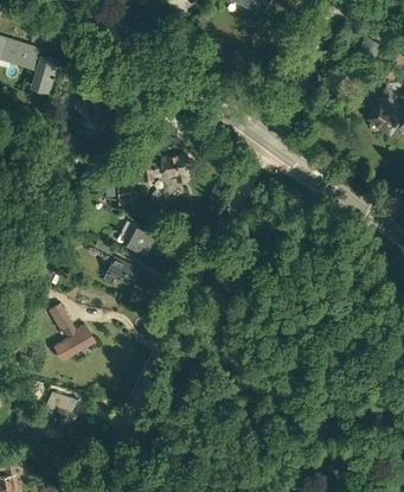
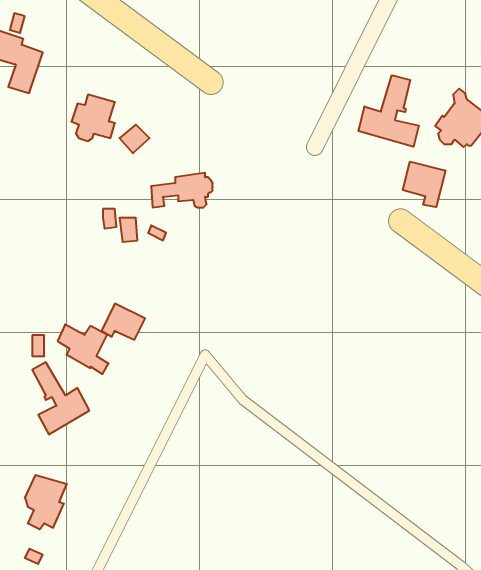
building: none -> [358,75,419,147]
building: none -> [403,162,445,207]
building: [120,222,160,261] -> [58,324,109,374]

